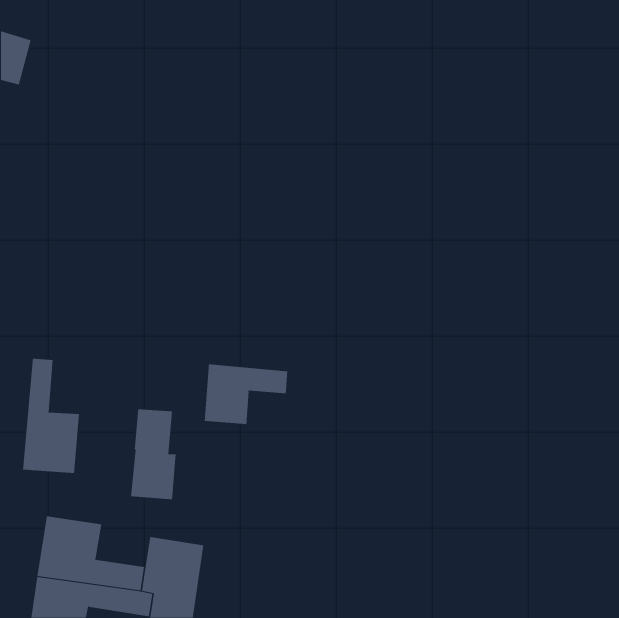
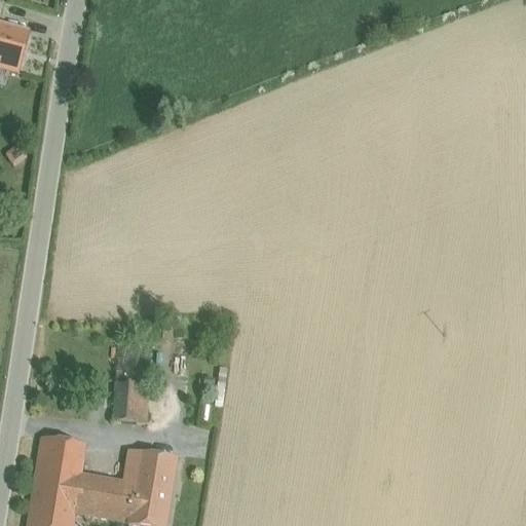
building: [22,358,79,474] -> none
building: [204,363,288,425] -> none

